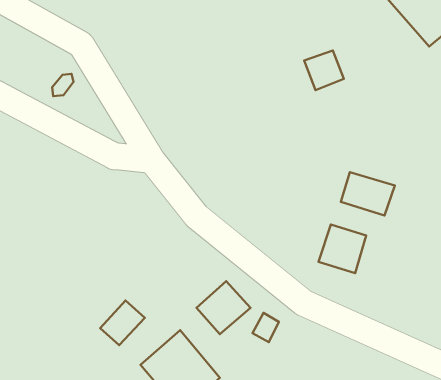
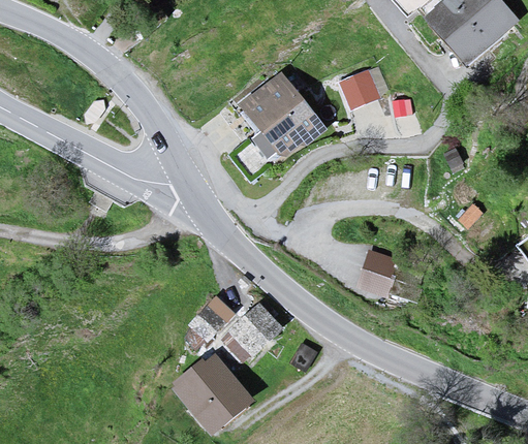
building: none -> [239,70,324,159]
building: [341,172,395,216] -> none
building: [100,301,145,345] -> [189,296,235,342]

